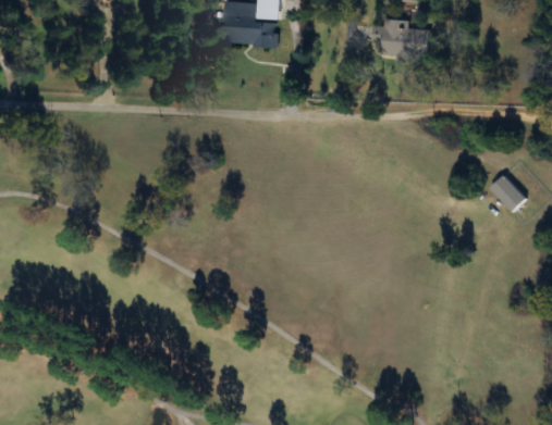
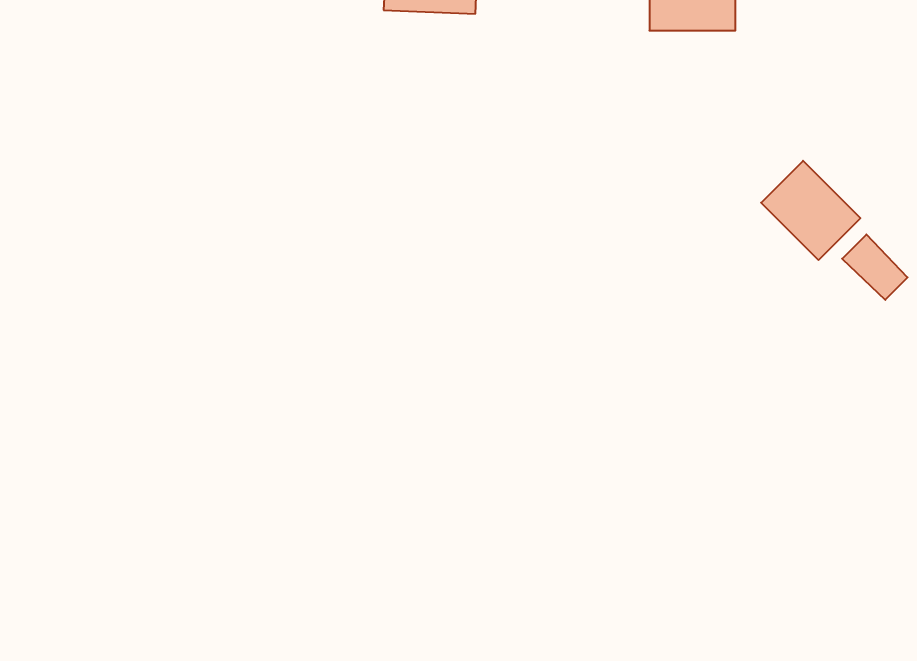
building: none -> [761,161,860,260]

